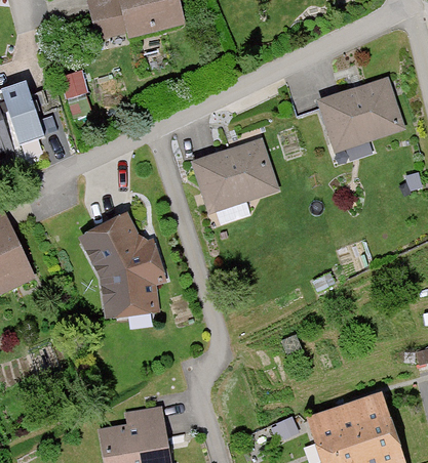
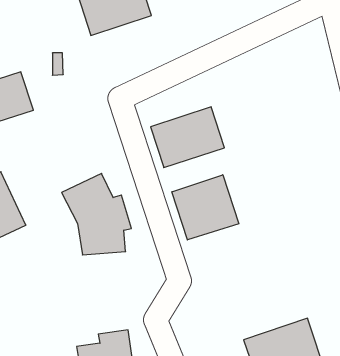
building: [316,77,407,152] -> none
building: none -> [172,175,239,240]

